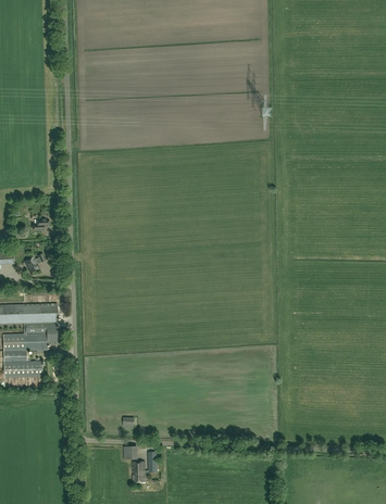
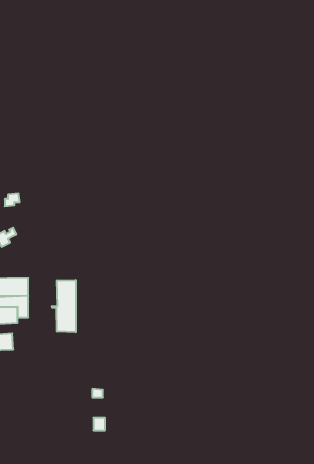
building: none -> [52,280,76,332]
building: [133,451,158,481] -> none

